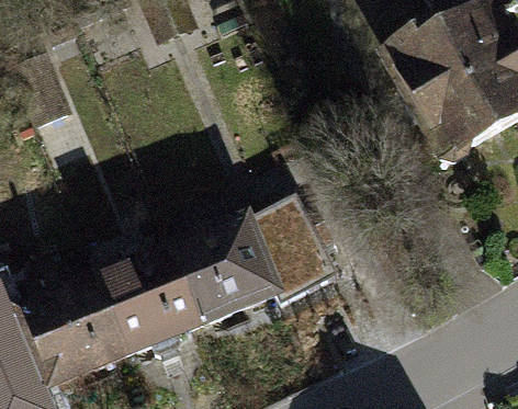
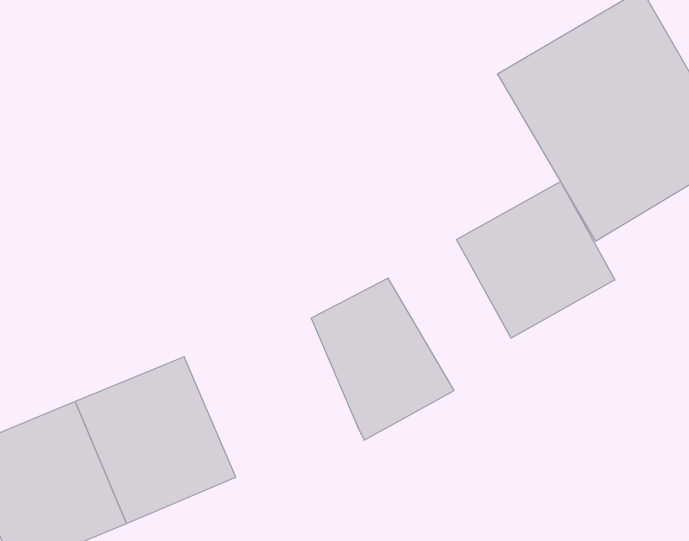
building: none -> [456,181,615,338]
building: [156,213,274,330] -> none

